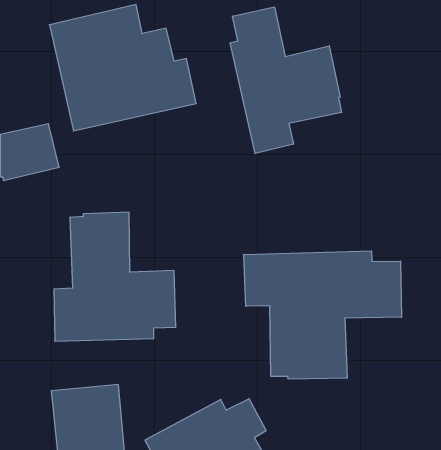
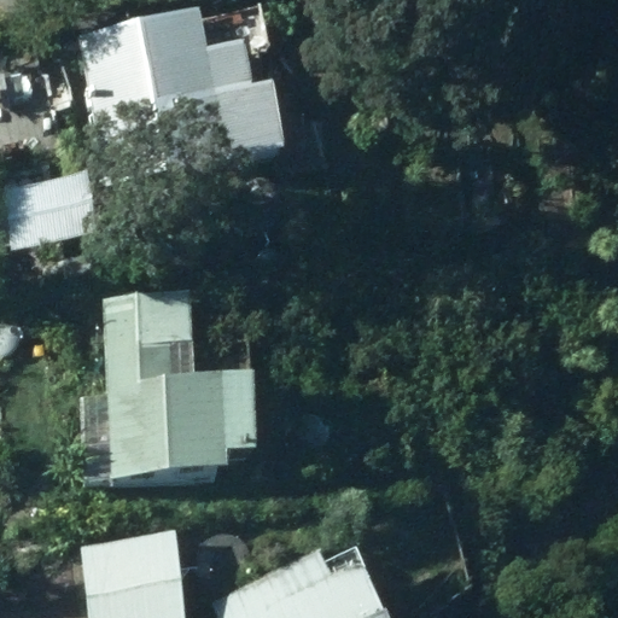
building: [230,7,341,154] -> none
building: [244,251,402,379] -> none

